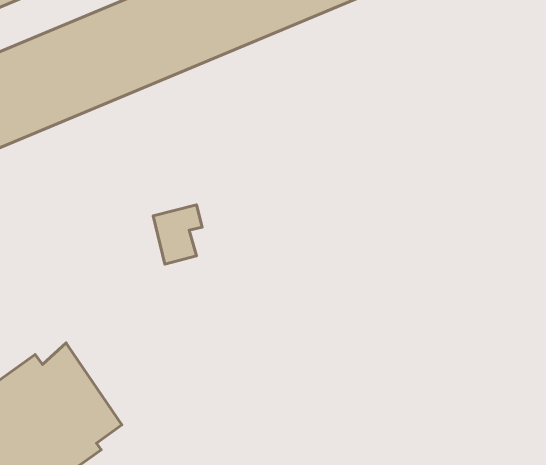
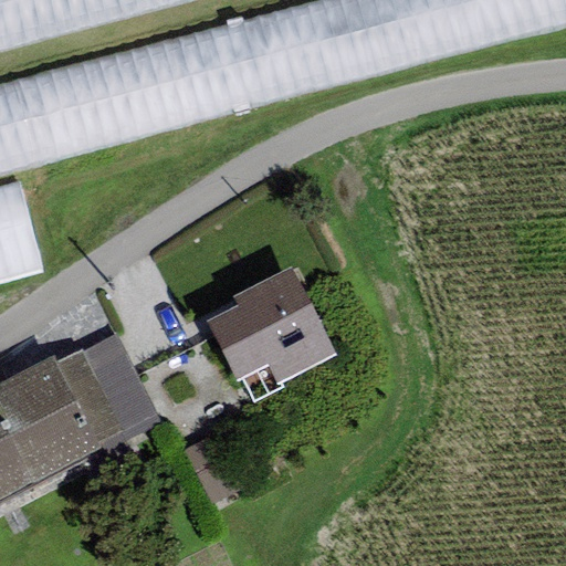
building: none -> [206,263,335,380]
building: none -> [82,332,158,447]

